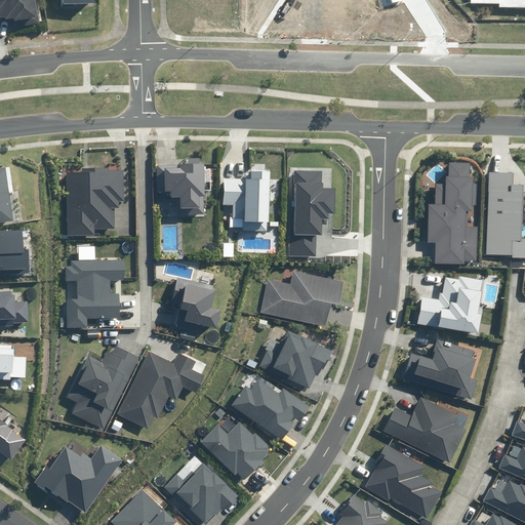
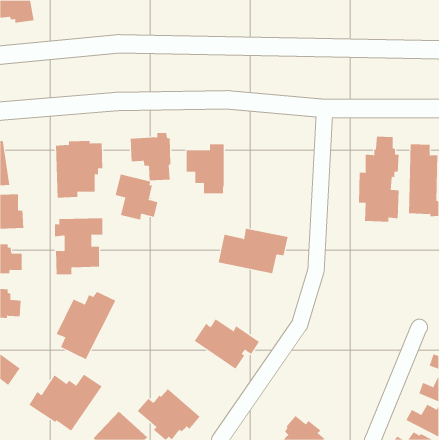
building: [287,171,334,256] -> none
building: [169,277,220,332] -> [115,174,158,220]
building: [416,277,481,333] -> none
building: [258,330,331,389] -> none
building: [403,339,476,399] -> none
building: [116,352,204,430] -> none
building: [381,397,466,463] -> none
building: [200,421,271,480] -> none
building: [364,443,441,519] -> none

